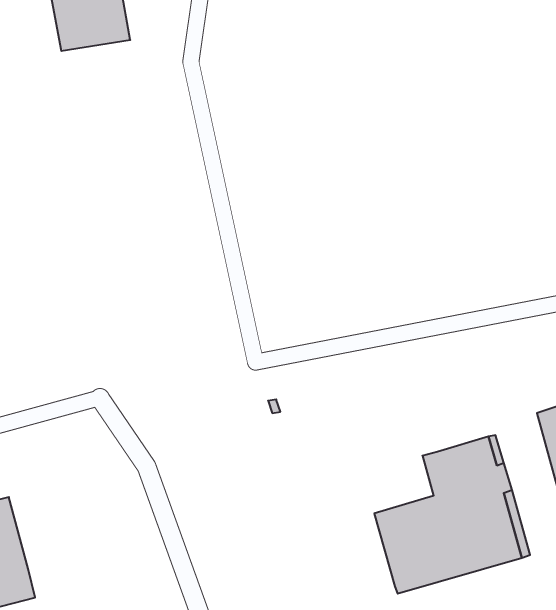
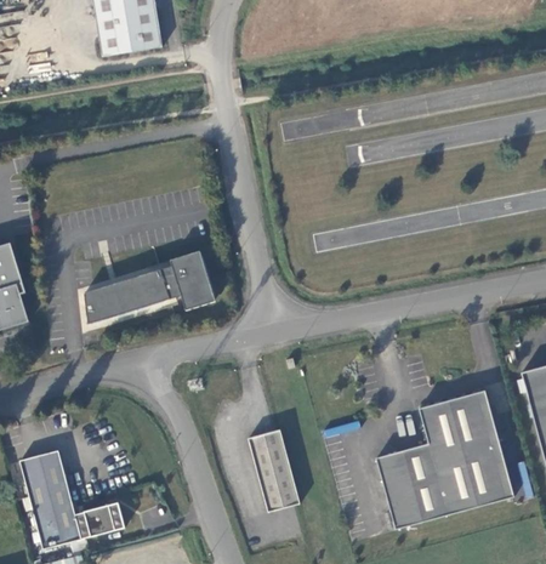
building: none -> [85,249,216,323]
building: none -> [245,429,297,512]
building: none -> [75,497,125,535]

